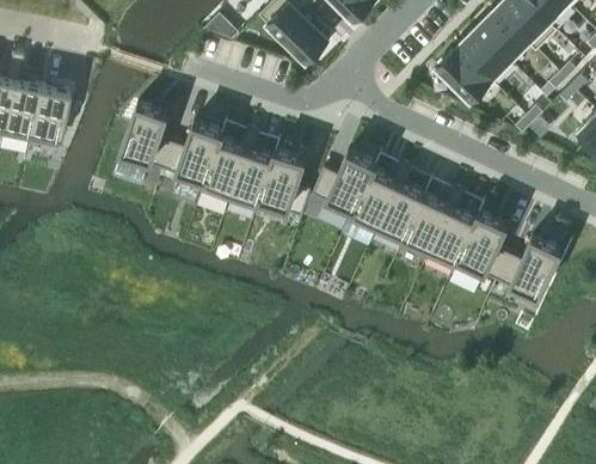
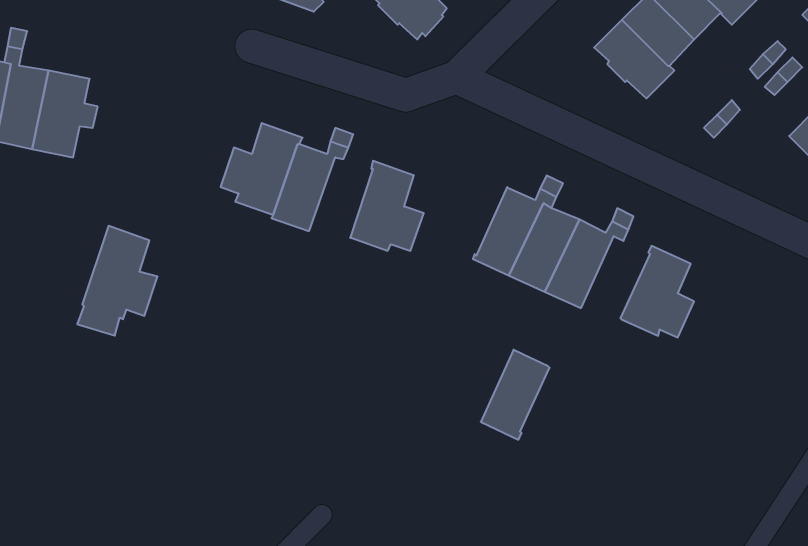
building: [117,100,176,181] -> [77,226,158,336]
building: [231,145,277,208] -> none
building: [314,148,379,216] -> none
building: [429,202,479,268] -> [481,350,550,440]
building: [499,234,563,300] -> none

